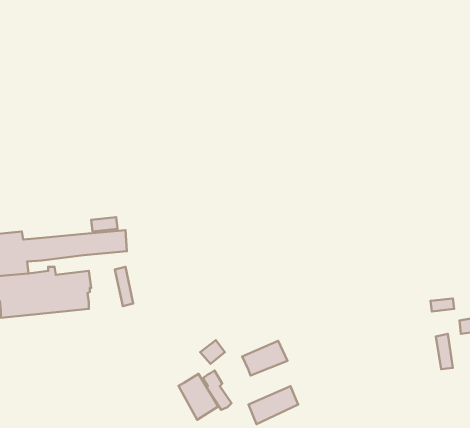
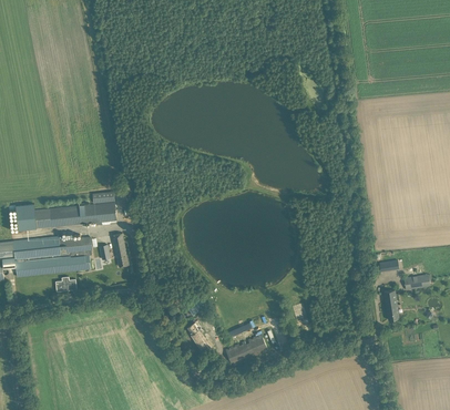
building: [242,341,288,376] -> none
building: [178,374,218,420] -> none

